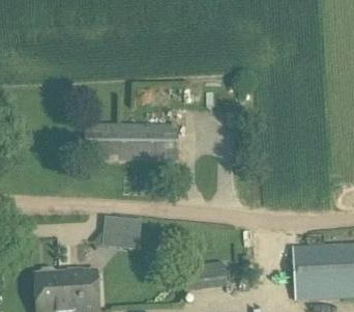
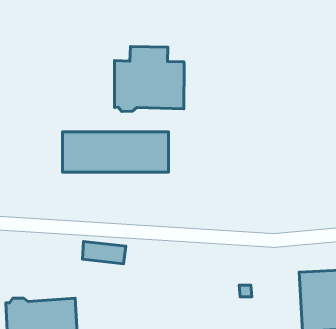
building: none -> [115,47,184,112]

